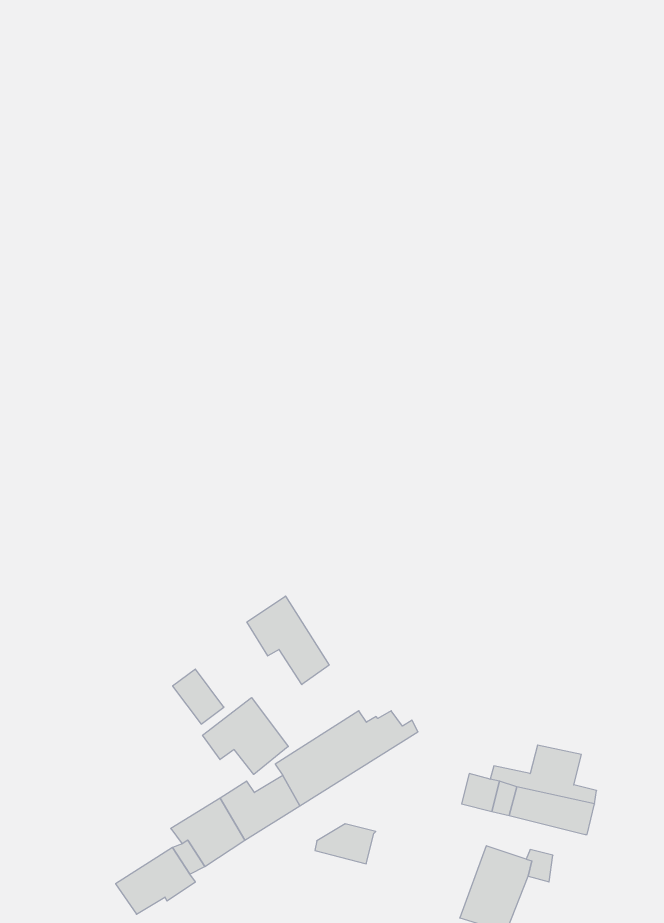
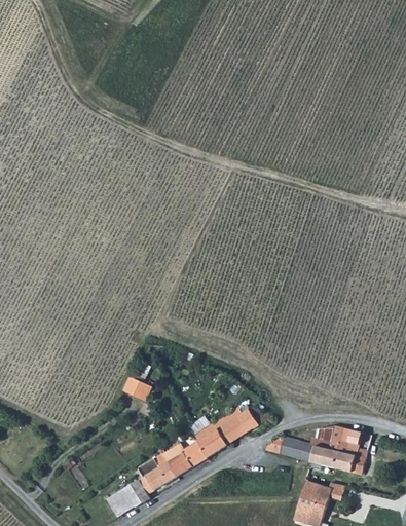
building: [247,596,329,685] -> none
building: [203,698,288,774] -> none
building: [315,824,376,864] -> [265,435,298,456]

